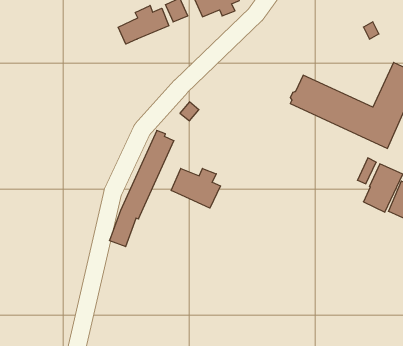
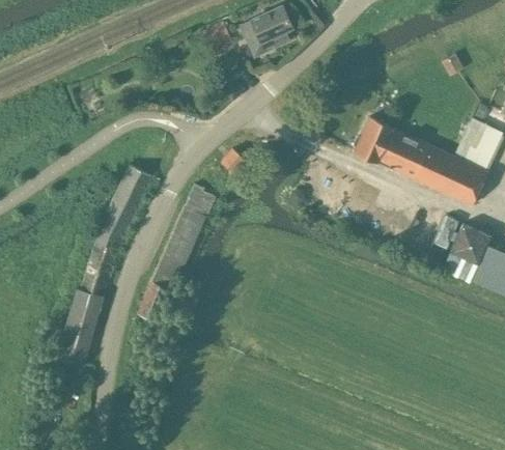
building: [118,5,169,44] -> none
building: none -> [57,164,155,364]
building: [171,168,220,208] -> none

